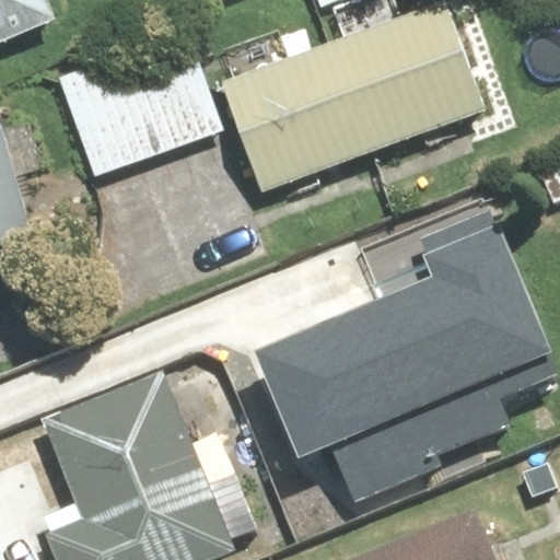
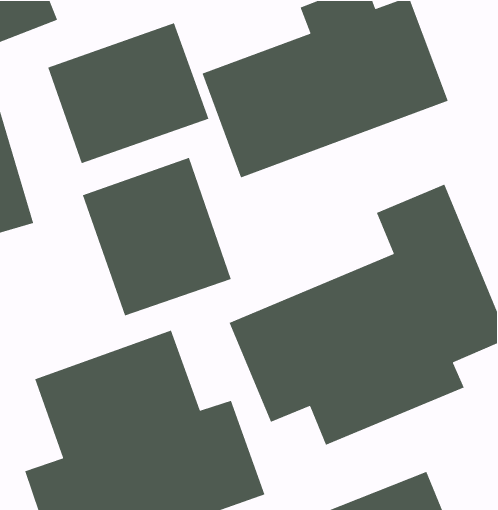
building: none -> [82,157,232,317]

